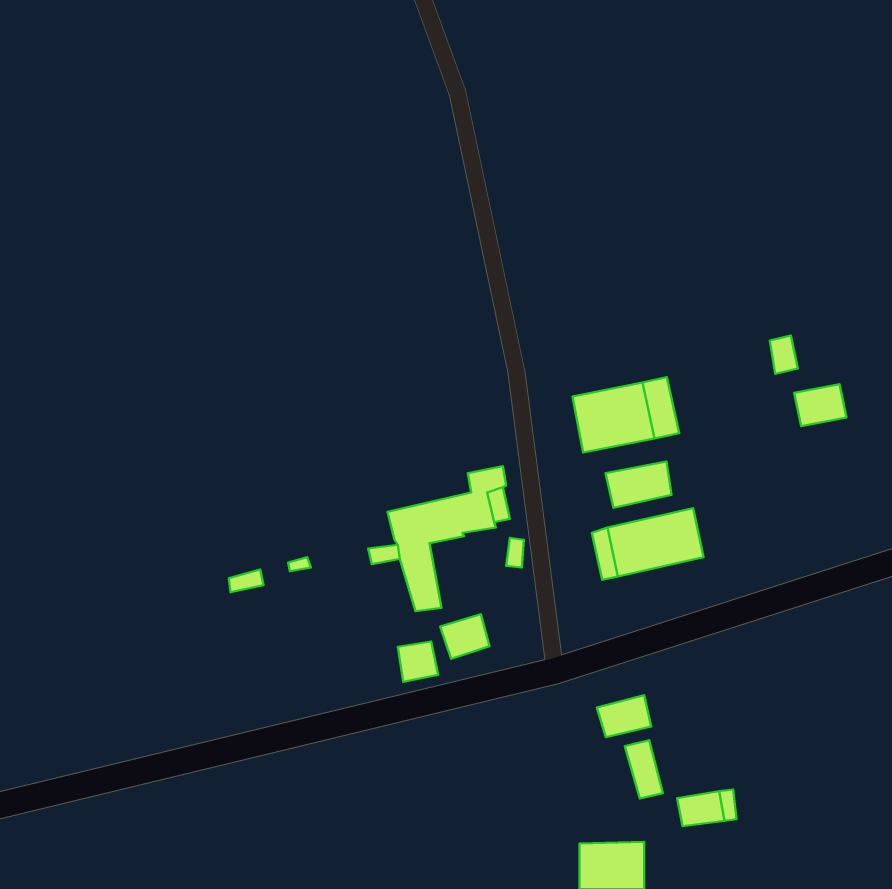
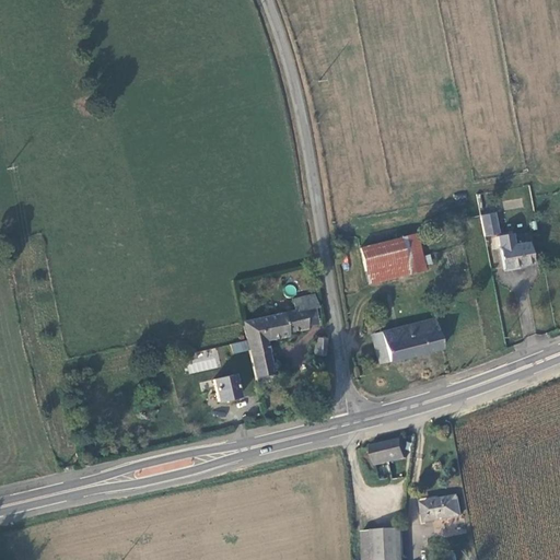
building: [605,461,672,508] -> none
building: [440,614,489,659] -> none
building: [398,642,438,682] -> [213,375,238,400]
building: [625,740,663,798] -> none

